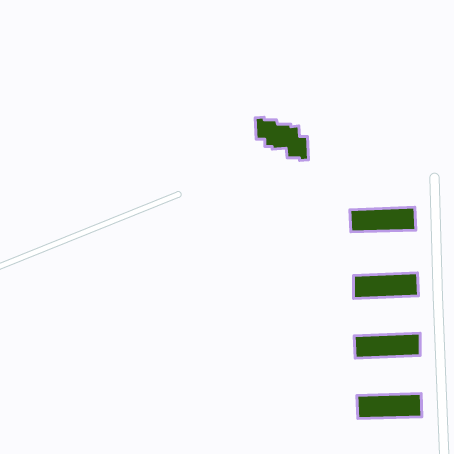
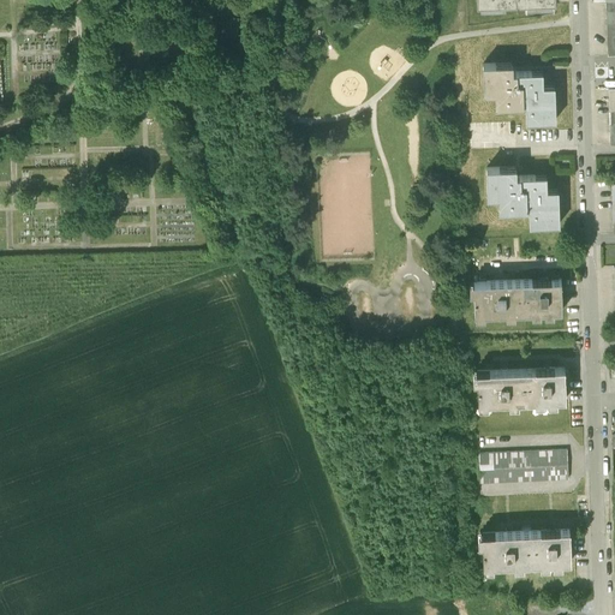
building: none -> [483,65,555,123]
building: [255,117,309,161] -> [485,167,557,226]

